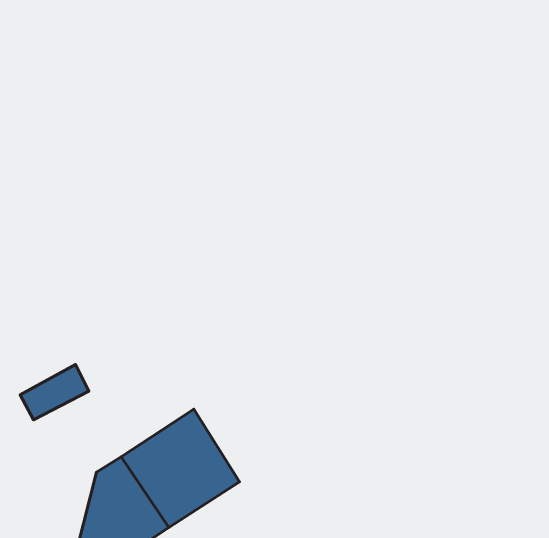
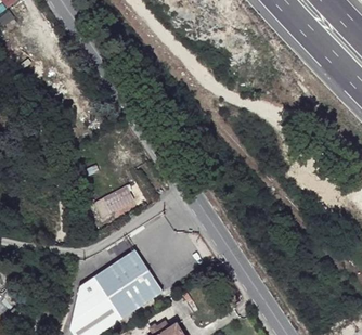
building: [20,364,89,420] -> [95,189,134,220]

